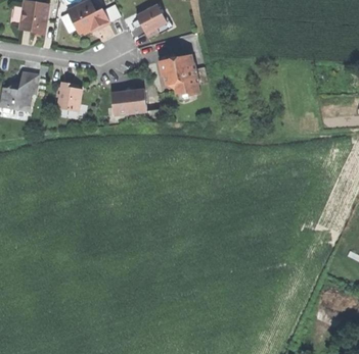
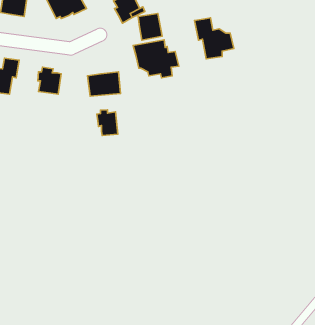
building: none -> [138,13,162,40]
building: none -> [195,18,234,59]
building: none -> [97,110,118,136]

